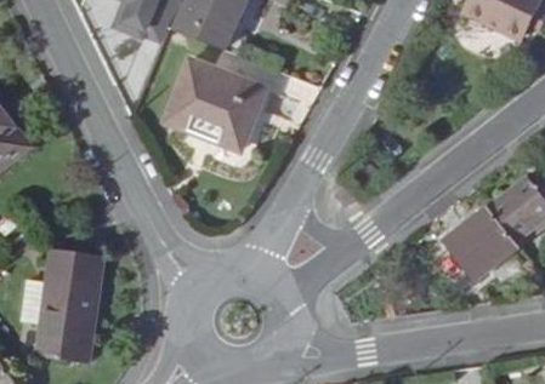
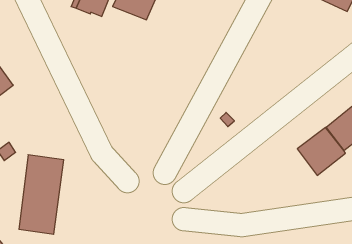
building: [165,58,263,149] -> none

